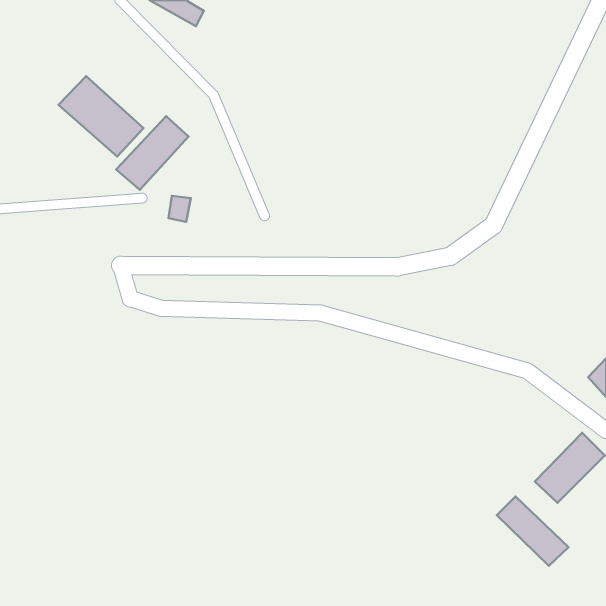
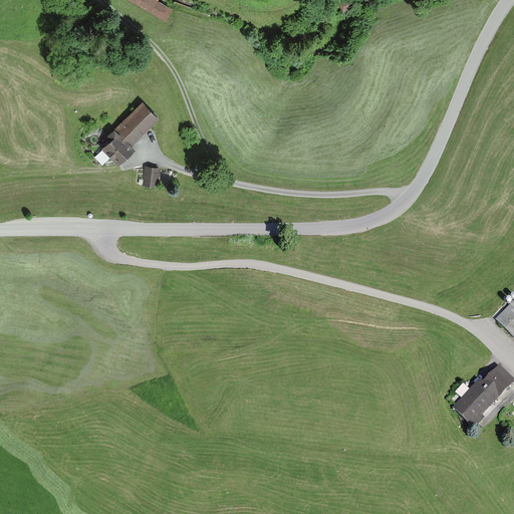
building: [59,76,143,157] -> none
building: [497,497,568,566] -> none

